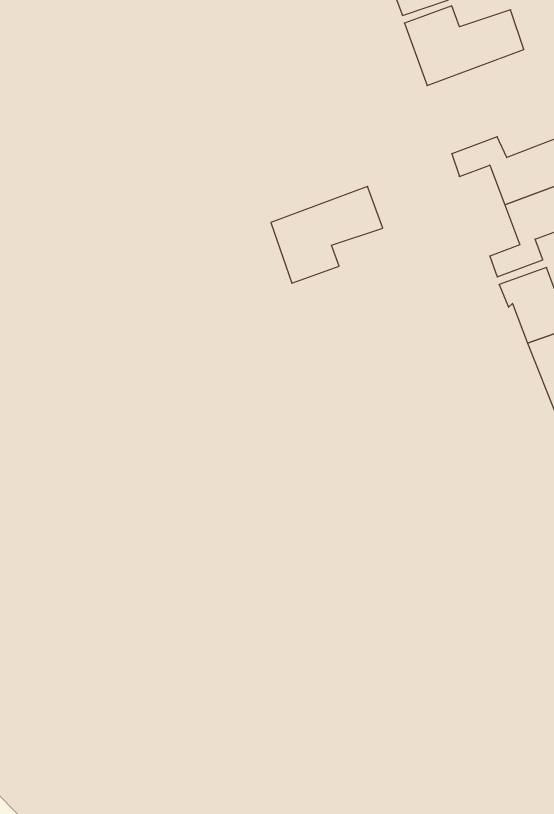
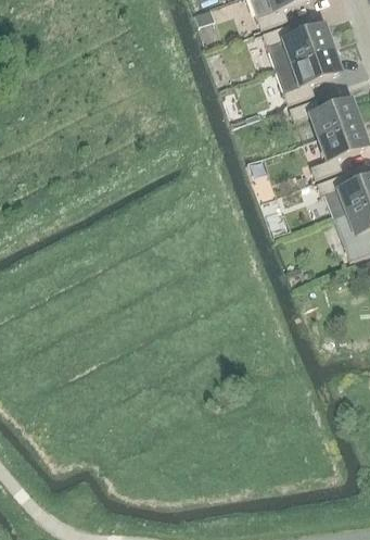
building: [271,186,383,283] -> [276,46,340,101]

